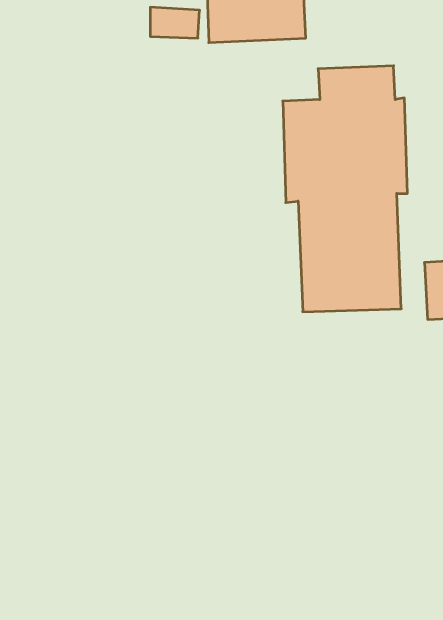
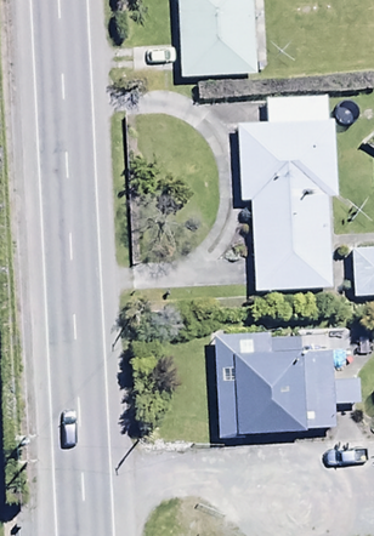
building: none -> [216,335,361,438]

